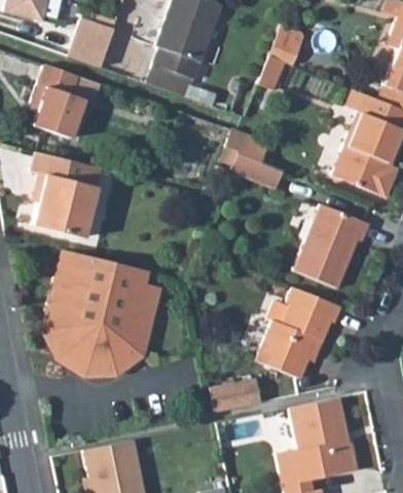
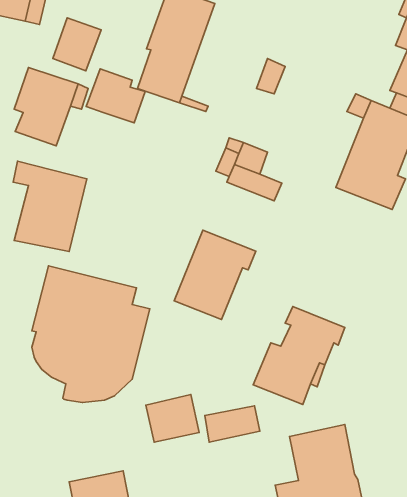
building: [268,25,302,65] -> none
building: none -> [86,69,145,123]
building: [293,204,369,288] -> [174,230,256,319]
building: none -> [146,394,199,442]

